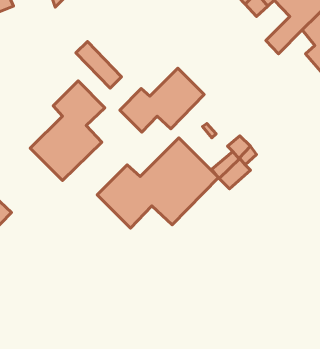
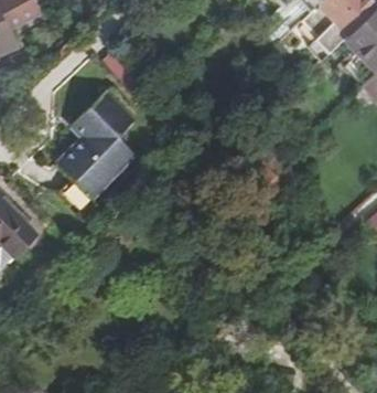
building: [120,68,204,132] -> none
building: [97,138,218,228] -> none

